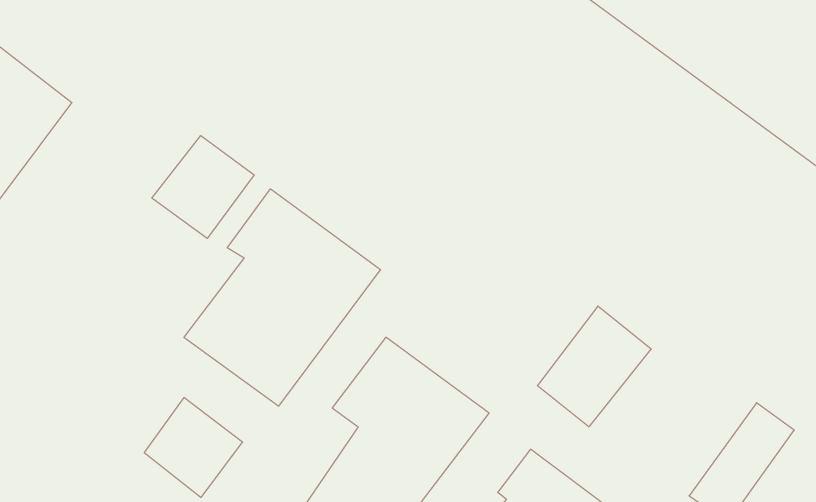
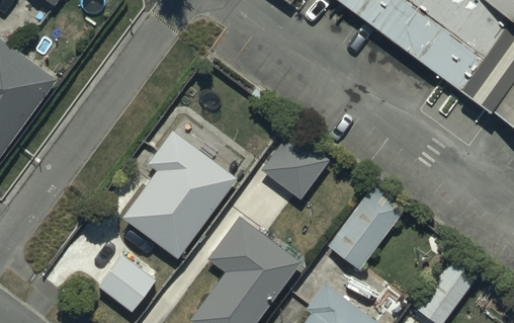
building: [152,136,254,238] -> none
building: none -> [262,130,330,198]

